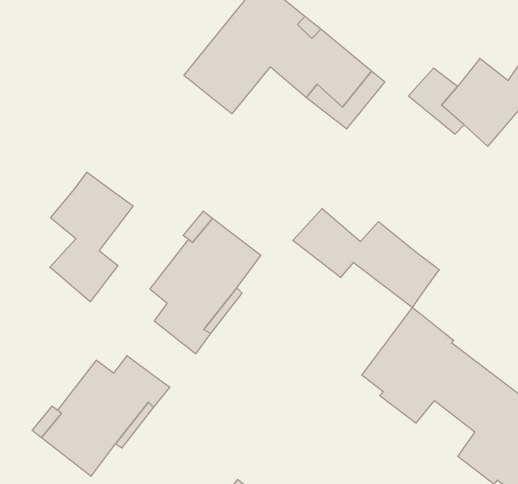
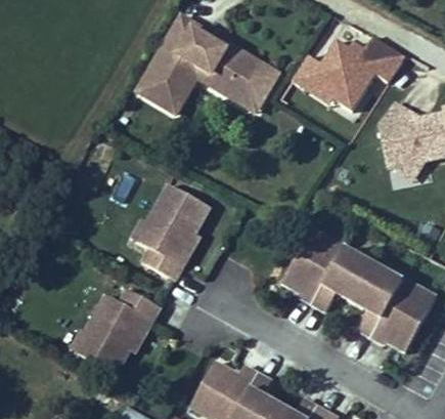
building: [50,172,133,302] -> none
building: [293,208,439,307] -> none

